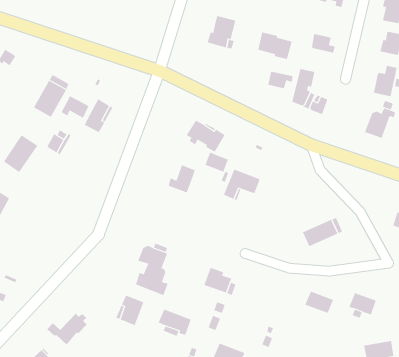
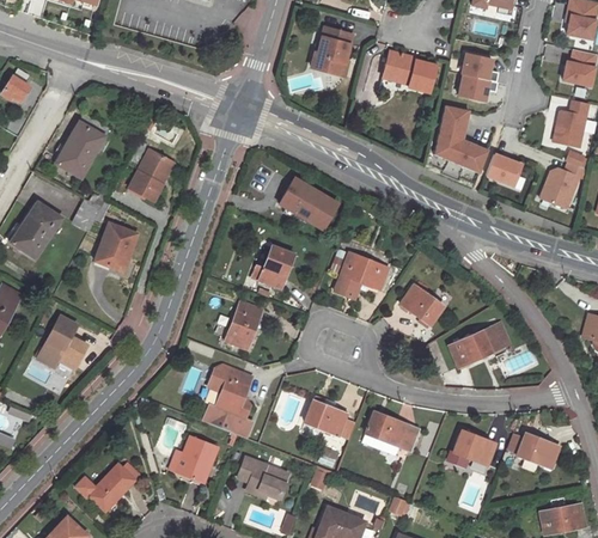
building: [267,71,293,89] -> [459,75,498,102]
building: [61,95,89,118] -> none
building: none -> [486,154,521,187]
building: none -> [94,225,135,270]
building: [205,152,228,172] -> none
building: none -> [401,286,444,325]
building: none -> [226,302,262,349]
building: none -> [36,316,87,369]
building: none -> [366,412,416,451]

